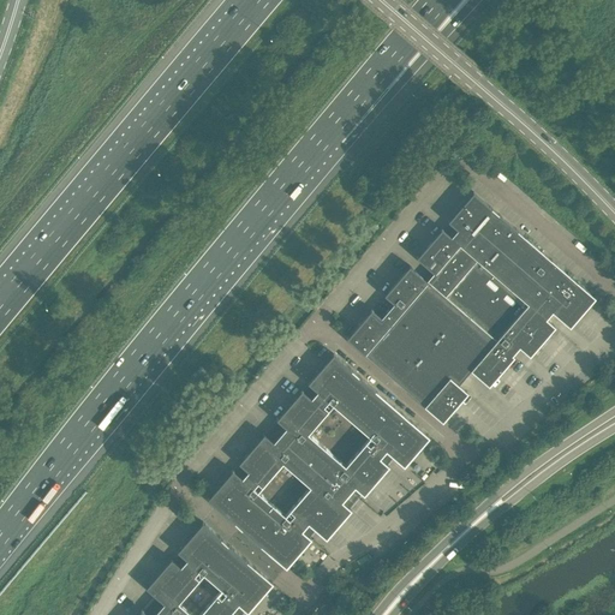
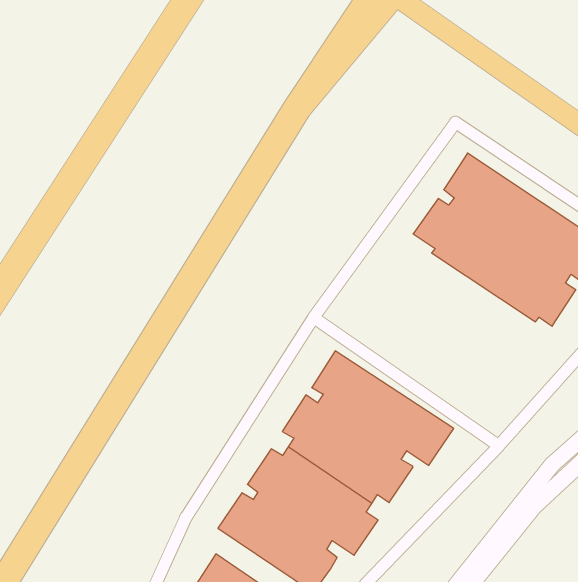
building: [346,269,515,425] -> none

